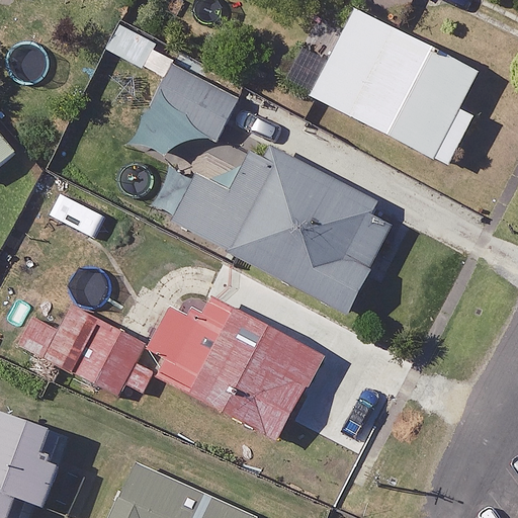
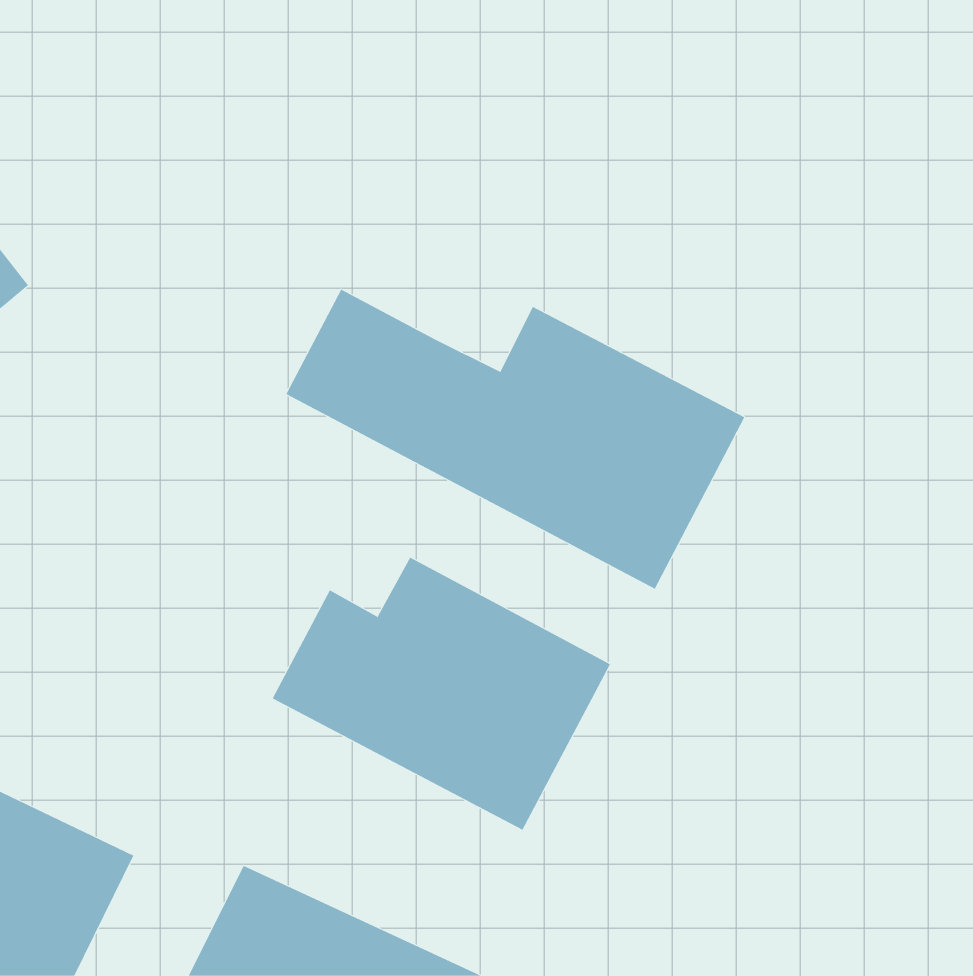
building: [310,8,477,165] -> none
building: [138,65,239,158] -> none
building: [18,308,143,394] -> none

